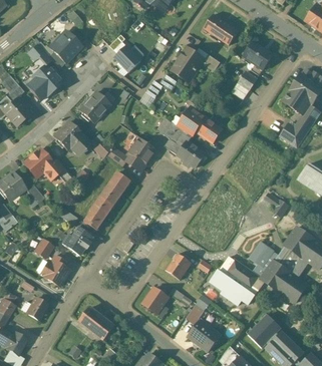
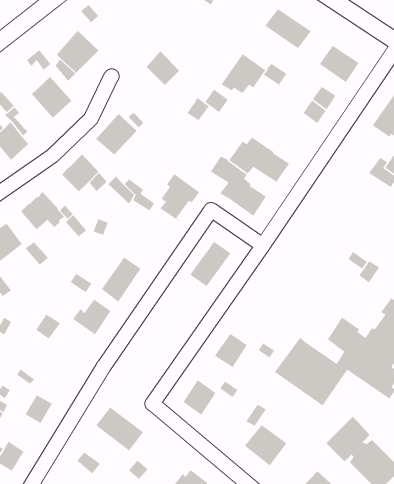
building: [99,171,130,206] -> [189,241,231,287]
building: [40,256,68,286] -> none

